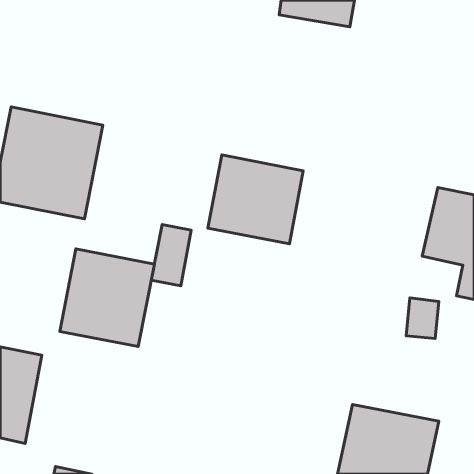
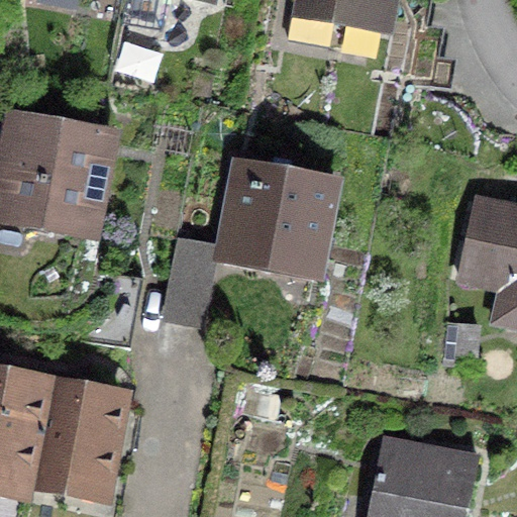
building: [60,249,154,347] -> none
building: none -> [27,387,123,492]

